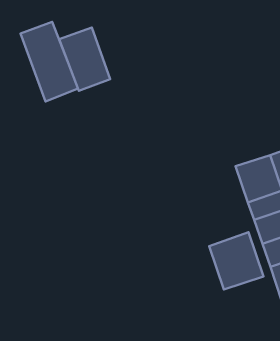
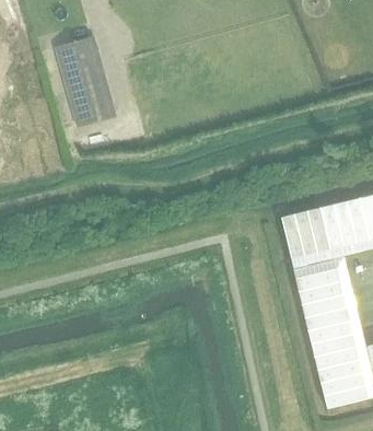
building: [59,28,110,91] -> none
building: [209,232,264,289] -> none

